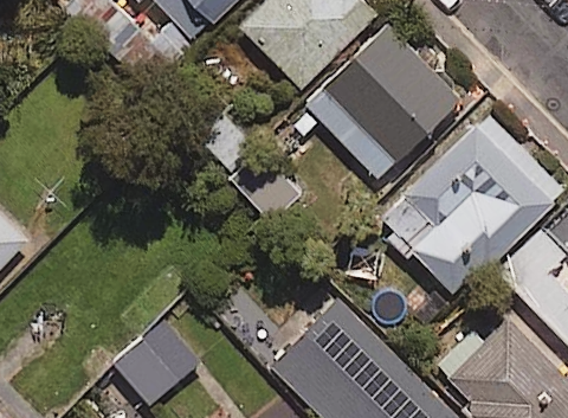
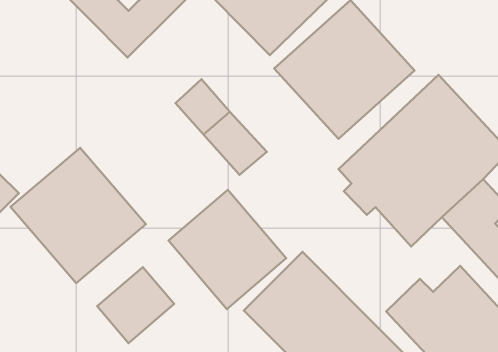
building: none -> [11,148,146,283]
building: none -> [169,190,286,309]

